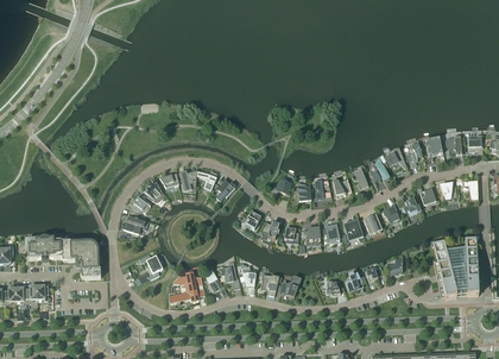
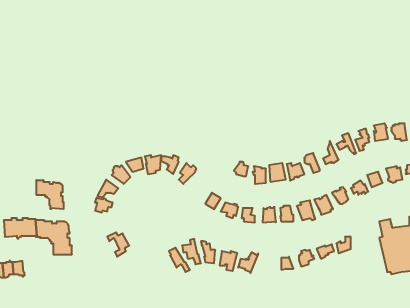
building: none -> [36,180,64,209]
building: [166,272,203,302] -> none

